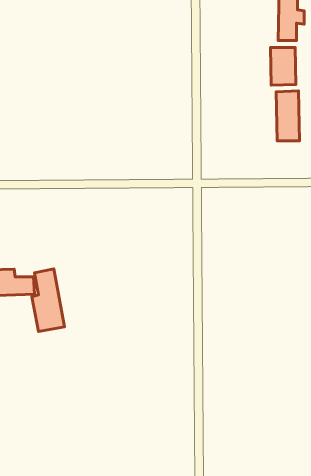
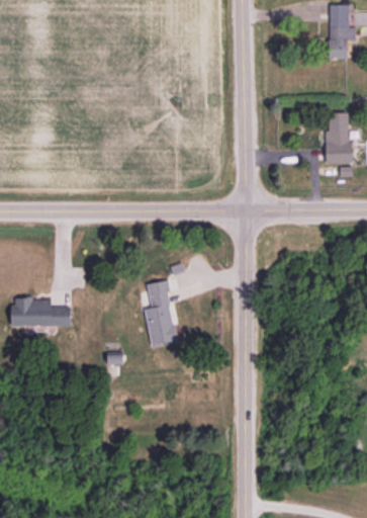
building: [271,47,296,85] -> none
building: [32,269,64,332] -> [144,280,178,346]

